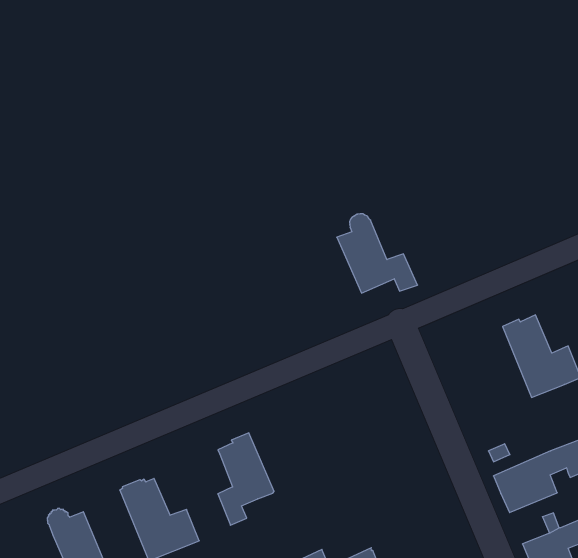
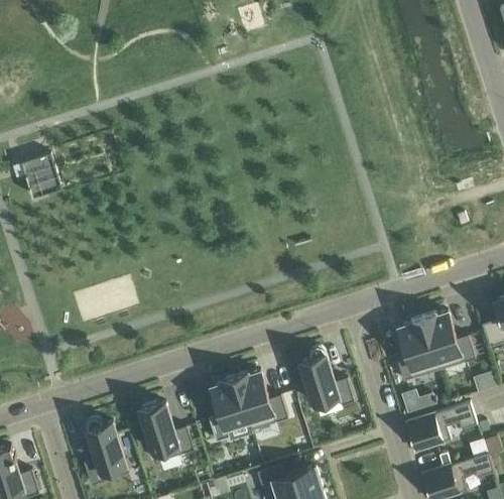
building: [337,214,418,293] -> [298,347,353,404]
building: none -> [395,317,437,380]
building: none -> [234,370,286,429]

